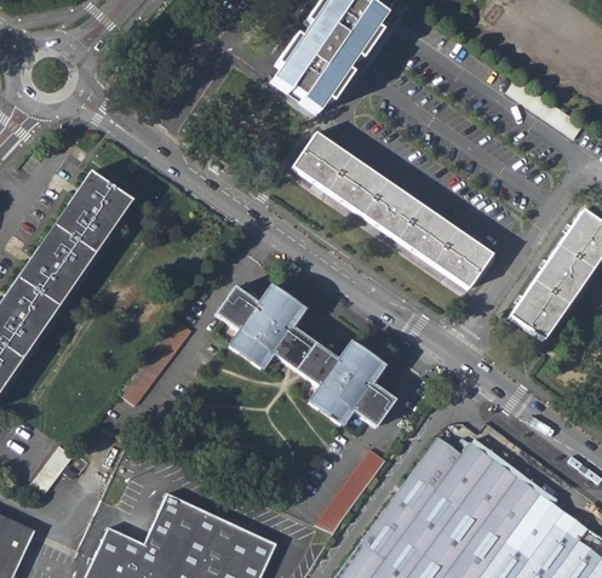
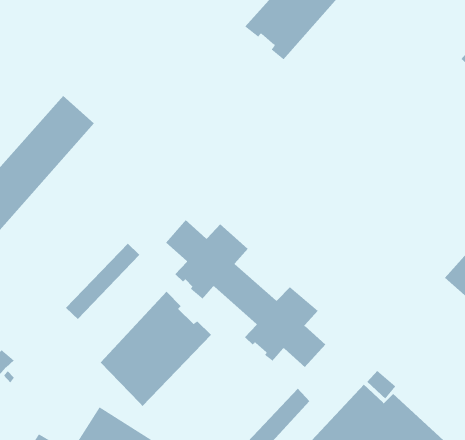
building: [293,133,492,288] -> none
building: none -> [100,291,212,407]

